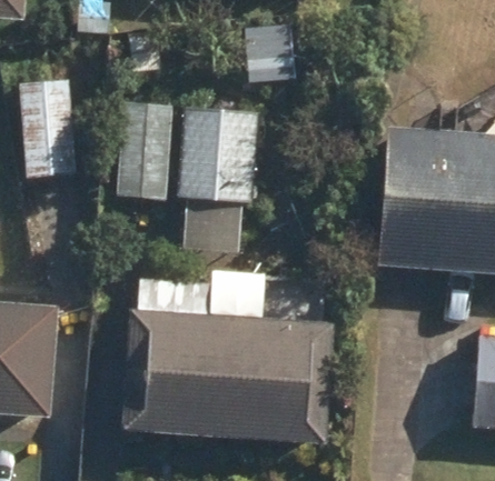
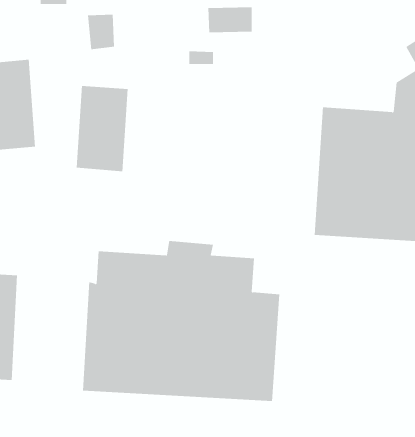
building: [179,109,258,249] -> none

